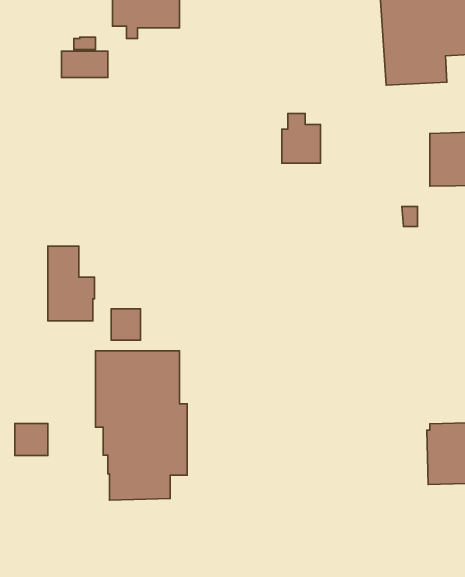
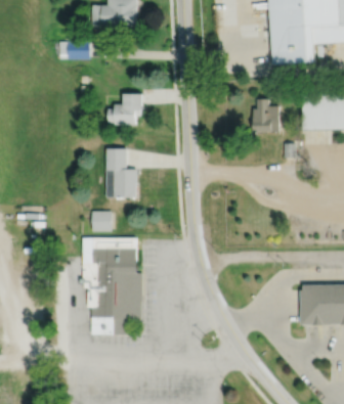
building: [282,114,321,163] -> [254,97,280,130]
building: none -> [108,92,143,124]
building: [48,246,95,321] -> [106,147,137,196]
building: [15,423,48,455] -> none

